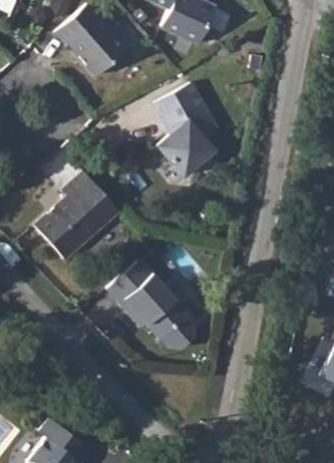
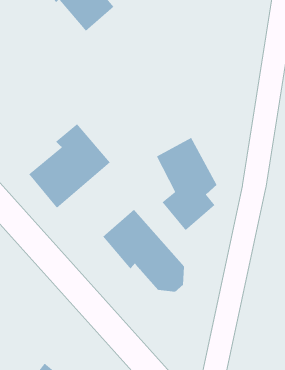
building: [153,81,218,179] -> [156,137,217,231]

